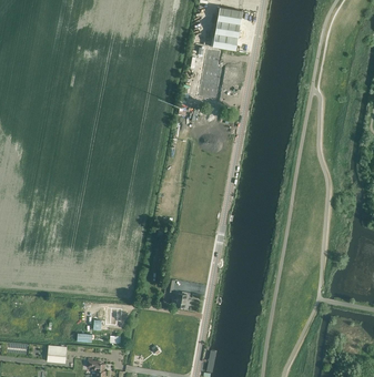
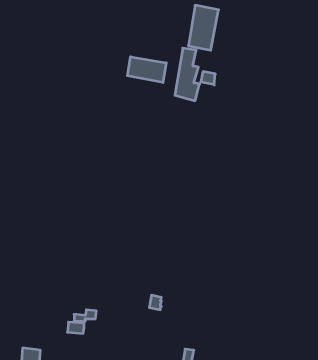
building: none -> [127,57,166,83]

